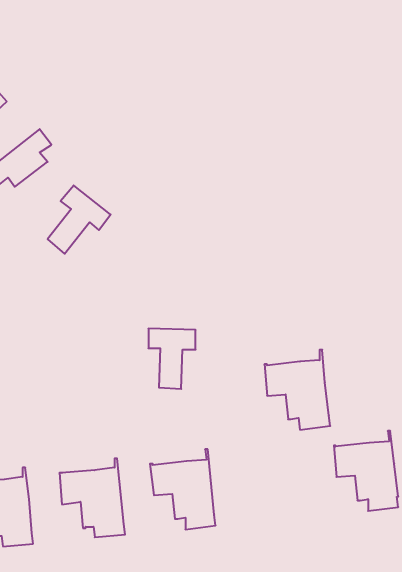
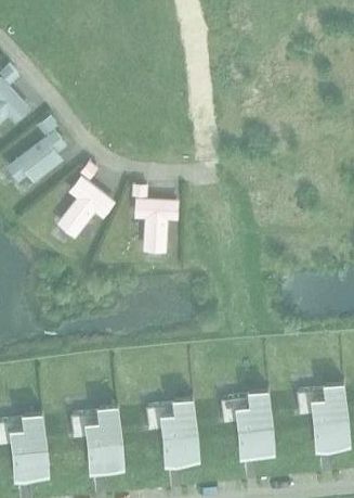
building: [148,329,196,389] -> [137,200,176,250]
building: [264,350,330,430] -> [221,388,275,455]

